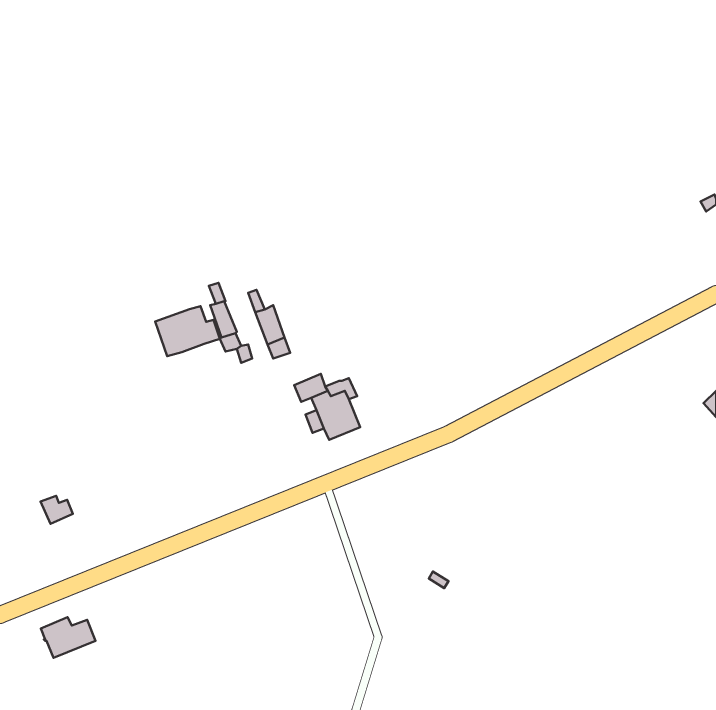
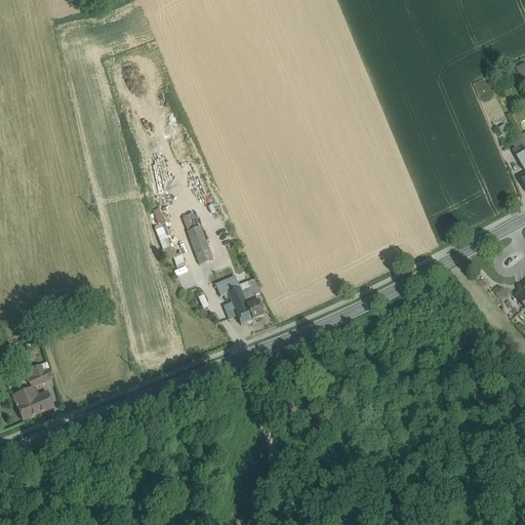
building: [155,306,220,356] -> none
building: [41,617,96,658] -> [13,388,53,417]

